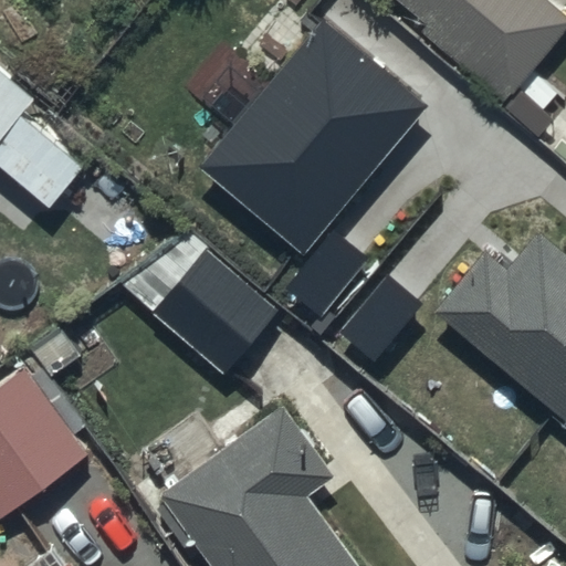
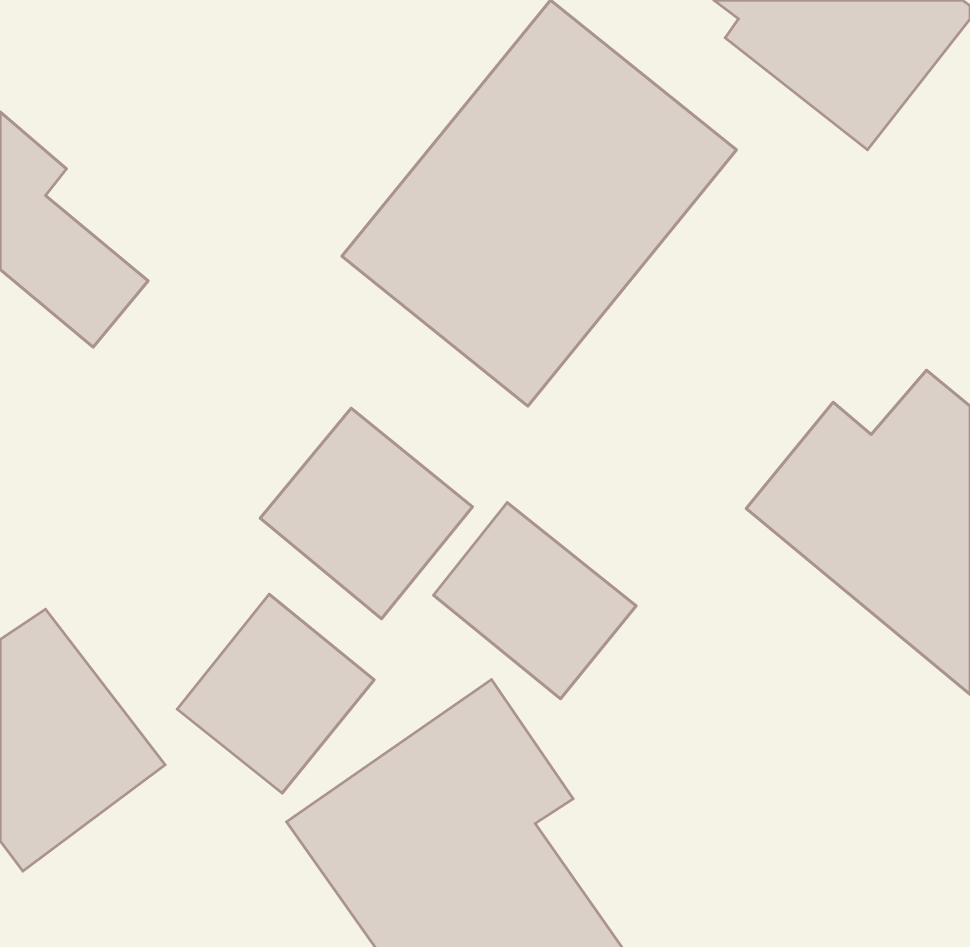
building: none -> [433,503,636,699]
building: none -> [177,594,374,793]

